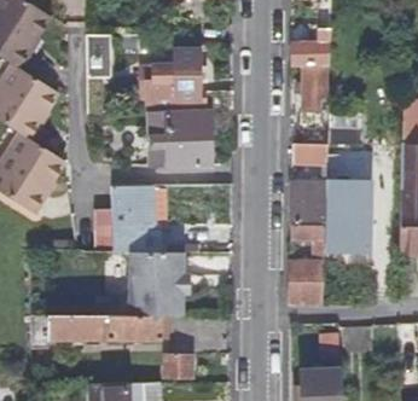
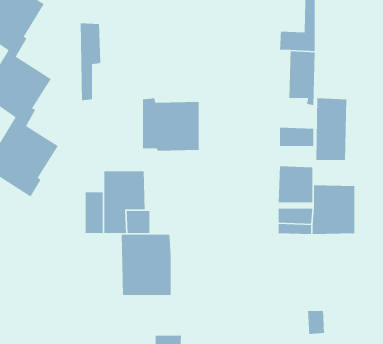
building: [141,50,232,112] -> none
building: [291,258,326,304] -> none
building: [30,314,162,347] -> none

